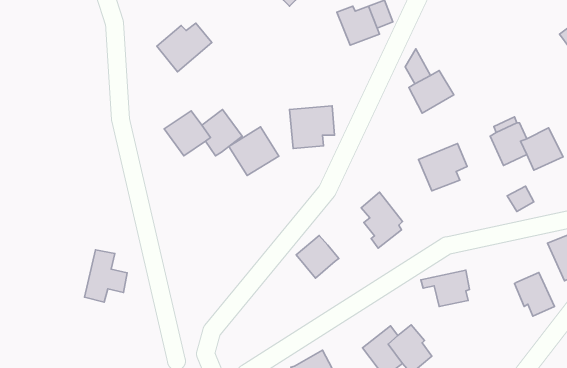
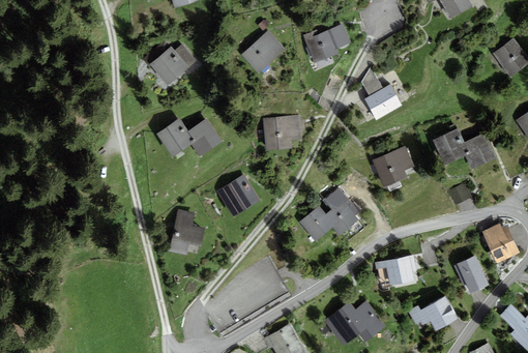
building: none -> [241,31,285,73]
building: [229,127,279,176] -> [217,175,260,216]
building: [296,236,339,278] -> [299,206,335,242]
building: [85,250,127,302] -> [169,210,205,255]
building: none -> [408,296,458,332]

